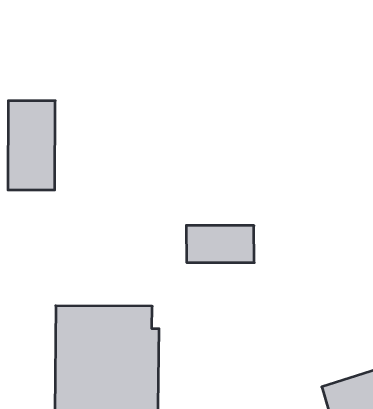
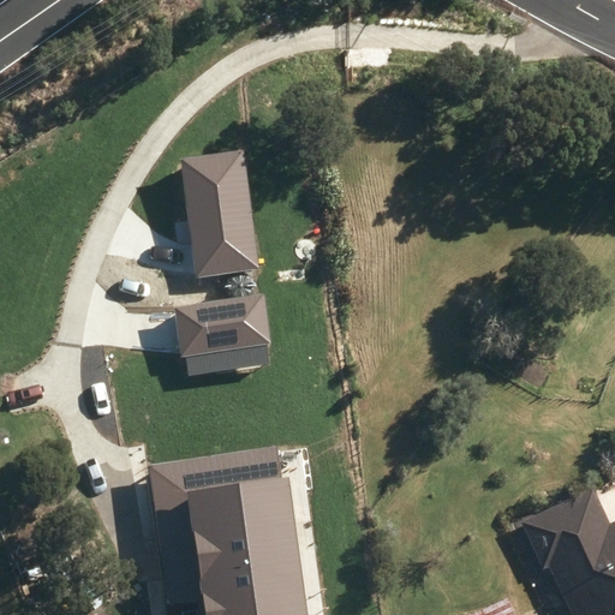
building: [8,101,55,190] -> [181,151,259,279]
building: [186,225,254,263] -> [173,295,270,357]

